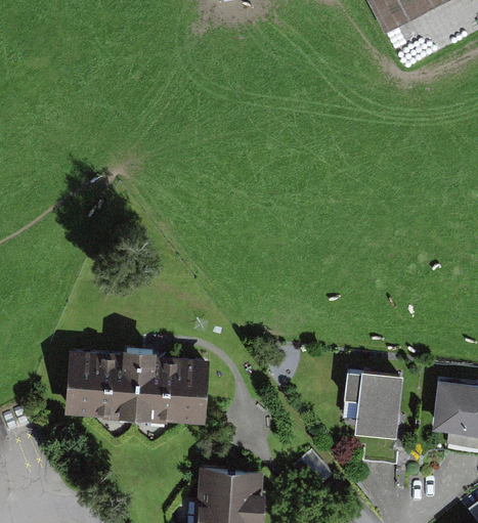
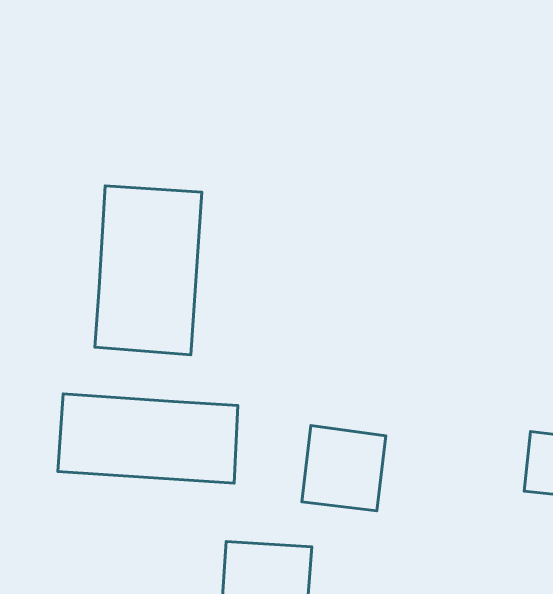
building: none -> [95,186,202,355]
building: [339,371,405,438] -> [302,425,386,511]

